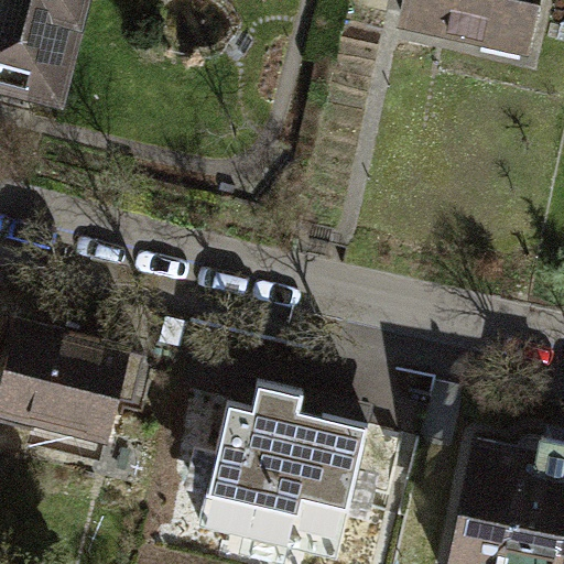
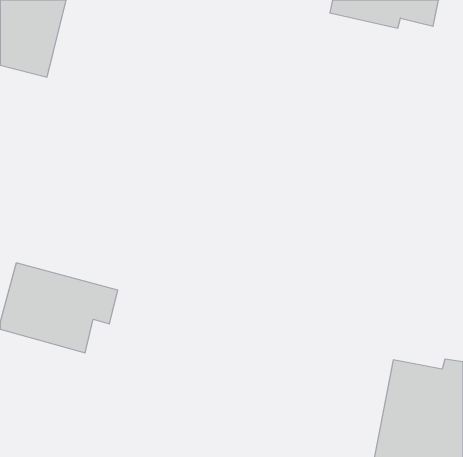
building: [200,384,369,558] -> none

